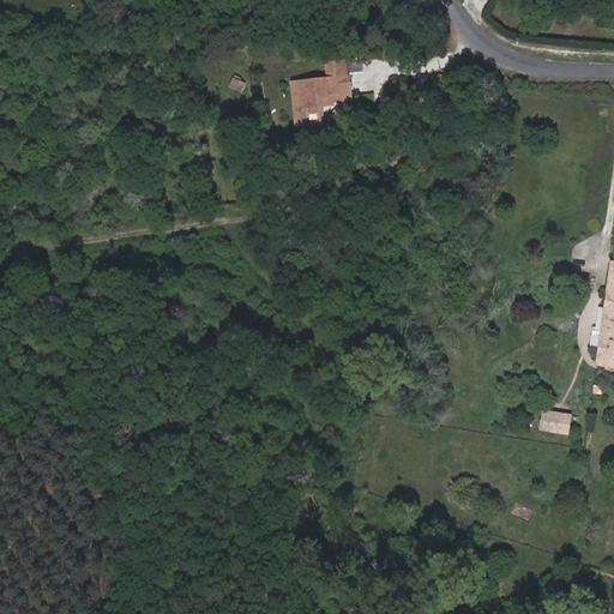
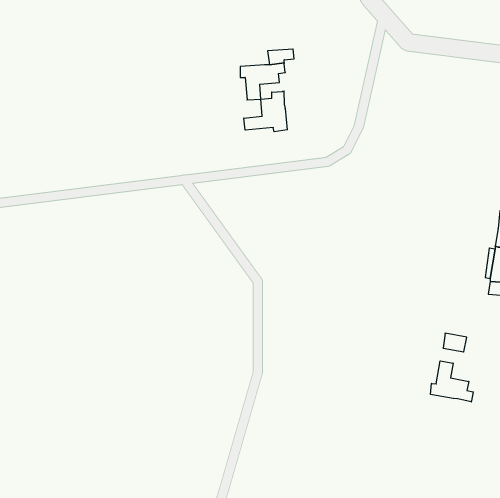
building: none -> [244,91,287,132]
building: none -> [431,361,473,402]

